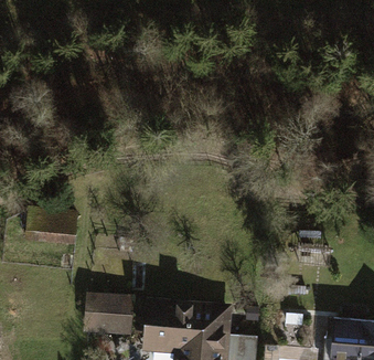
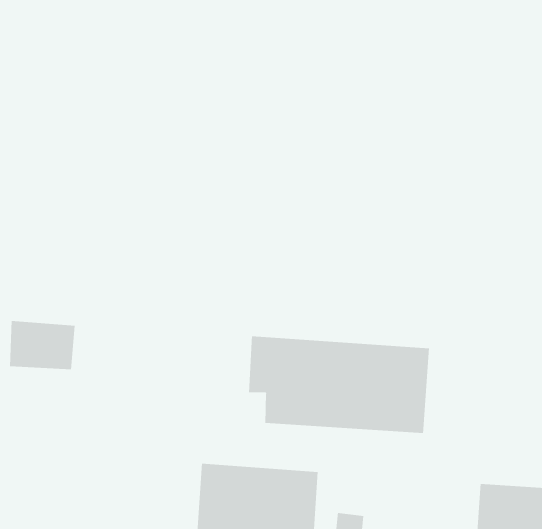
building: none -> [248,335,429,434]
building: [86,297,130,332] -> none

